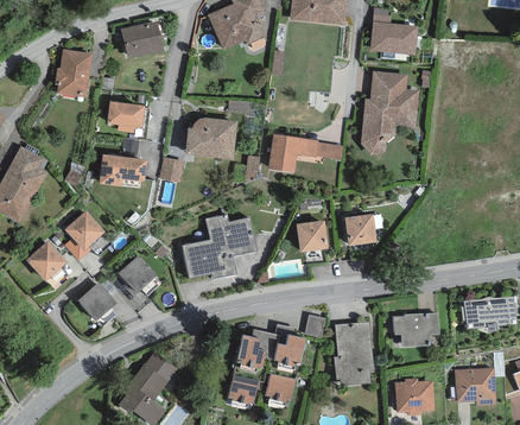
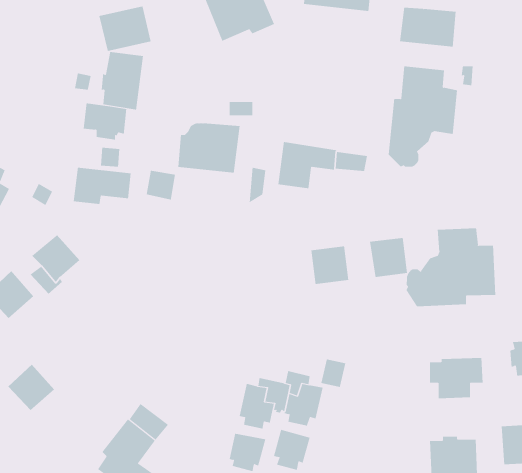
building: [56,49,91,97] -> [101,51,144,110]
building: none -> [406,228,496,307]
building: [182,213,258,278] -> none
building: [119,254,157,292] -> none
building: [77,281,116,321] -> [8,364,55,411]
building: [334,321,374,385] -> none

